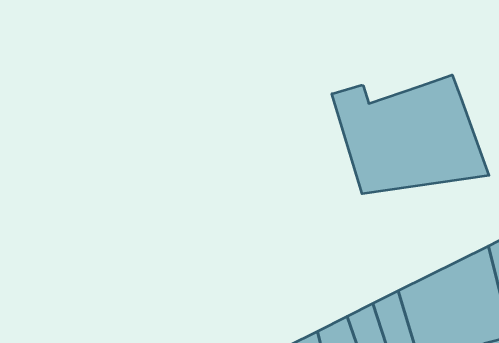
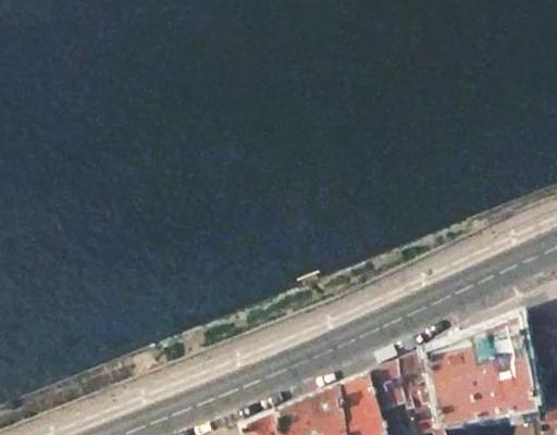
building: [332,75,489,194] -> none

